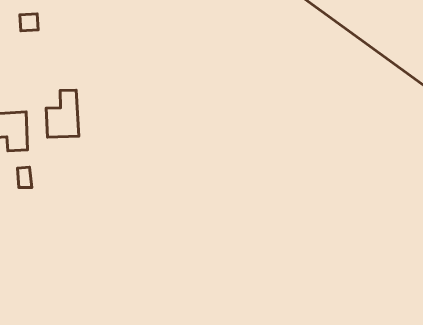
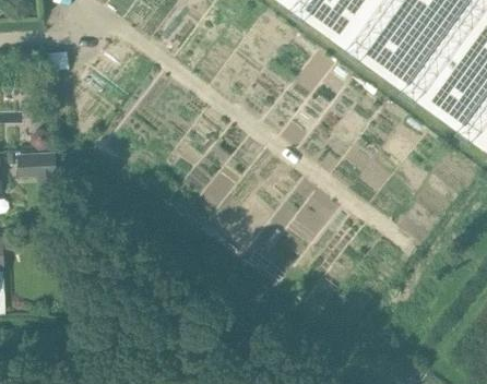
building: [46,90,79,137] -> none

